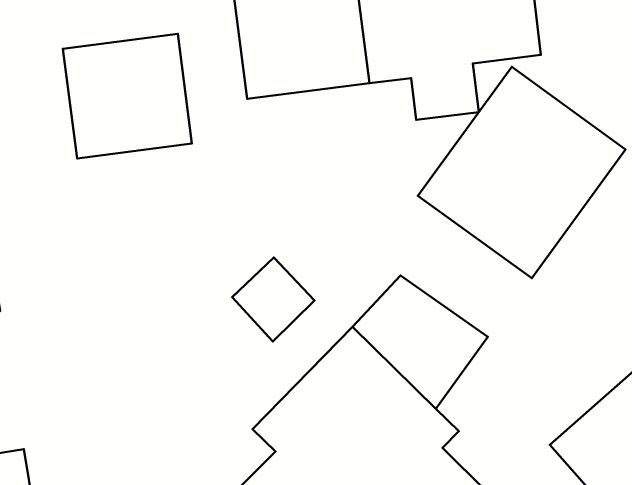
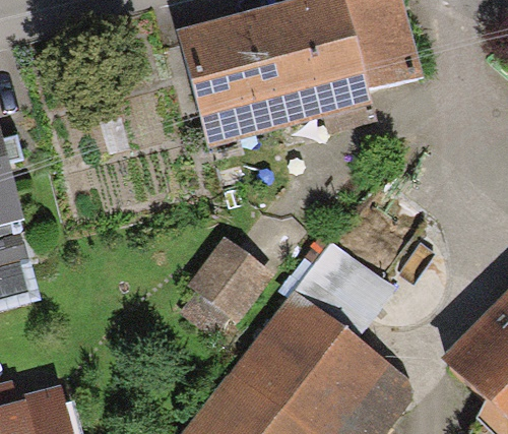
building: [63,34,192,159] -> none
building: [418,67,626,278] -> none

